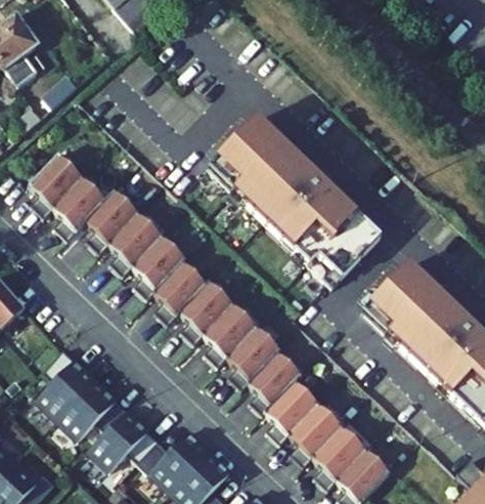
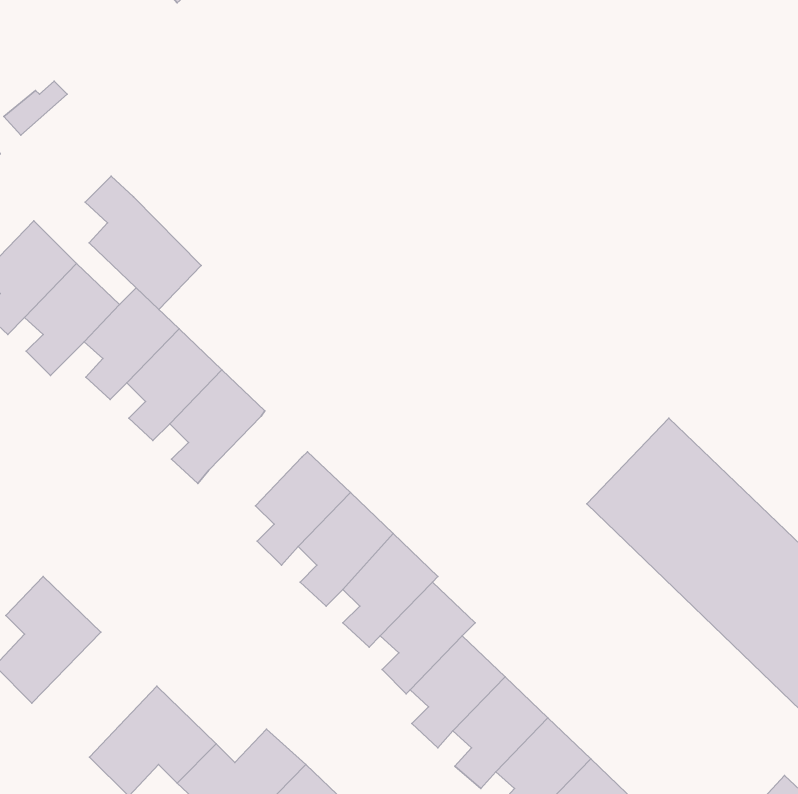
building: [210,116,383,286] -> none
building: none -> [85,176,201,309]
building: [157,260,208,322] -> none
building: [59,379,128,438] -> none

